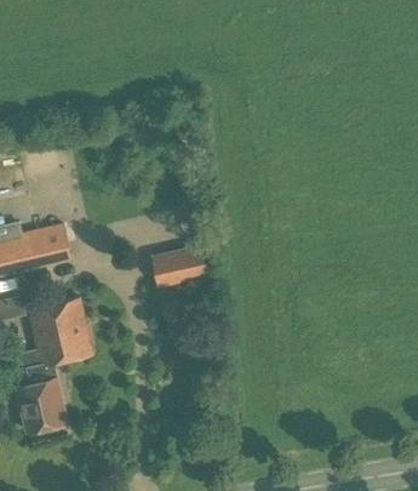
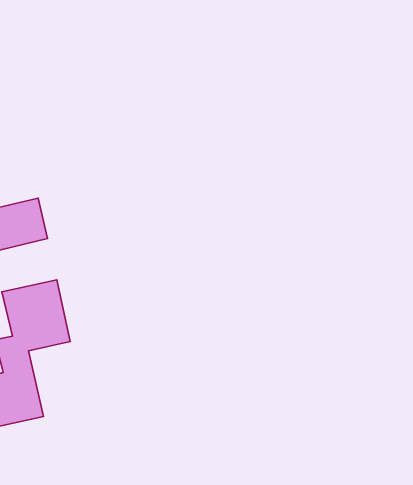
building: [153,247,206,286] -> none

